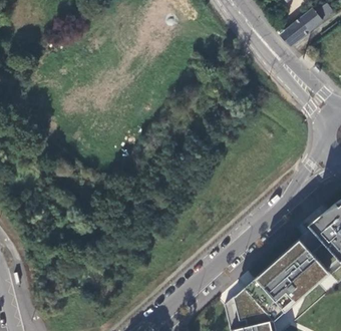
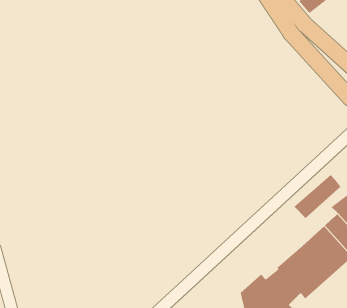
building: none -> [294,174,341,219]

